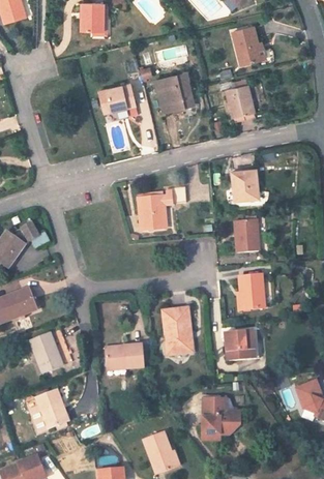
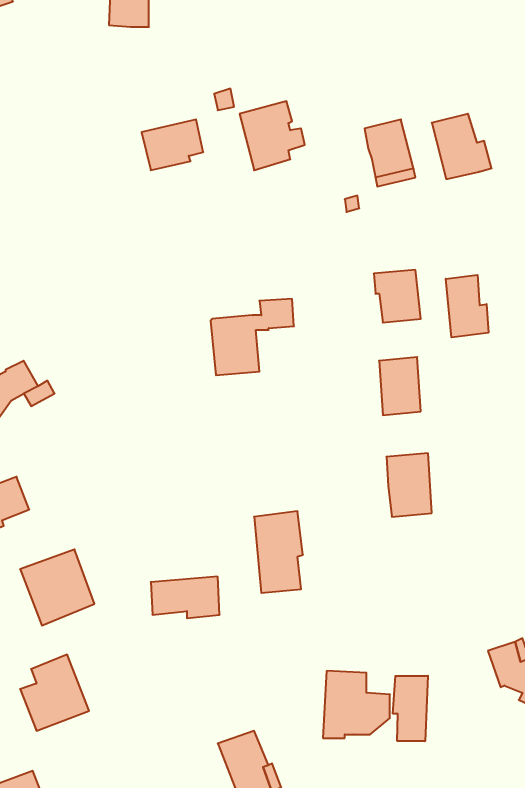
building: [232,27,266,64] -> [432,114,492,179]
building: none -> [446,275,488,337]
building: [224,329,259,361] -> none
building: none -> [393,676,428,741]

